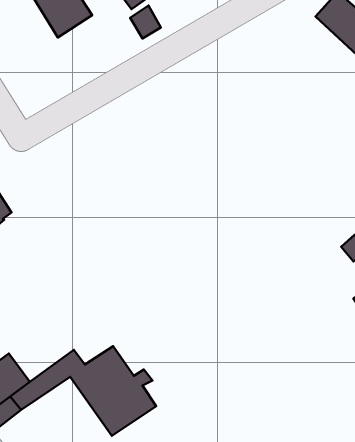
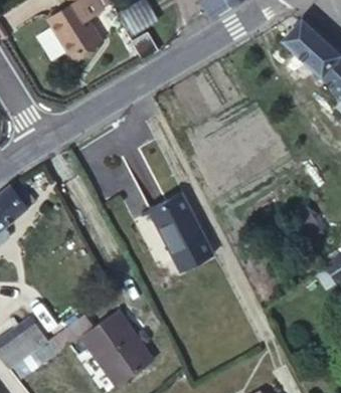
building: none -> [150,193,214,269]

